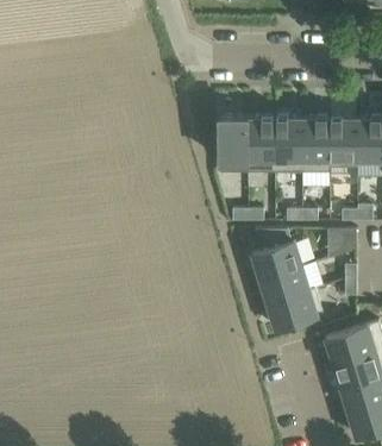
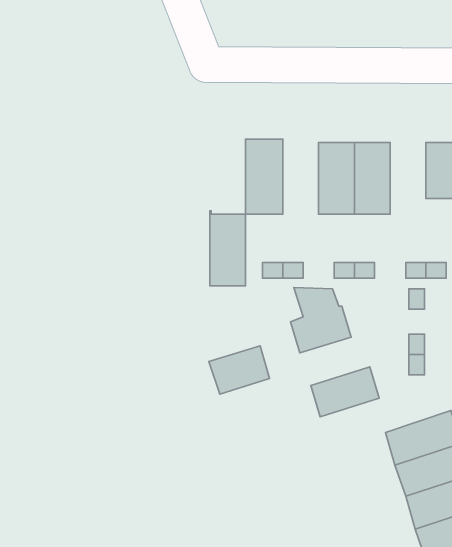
building: [248,115,275,172] -> [210,211,245,286]
building: [330,118,357,167] -> none
building: [261,266,307,303] -> [209,346,270,394]

